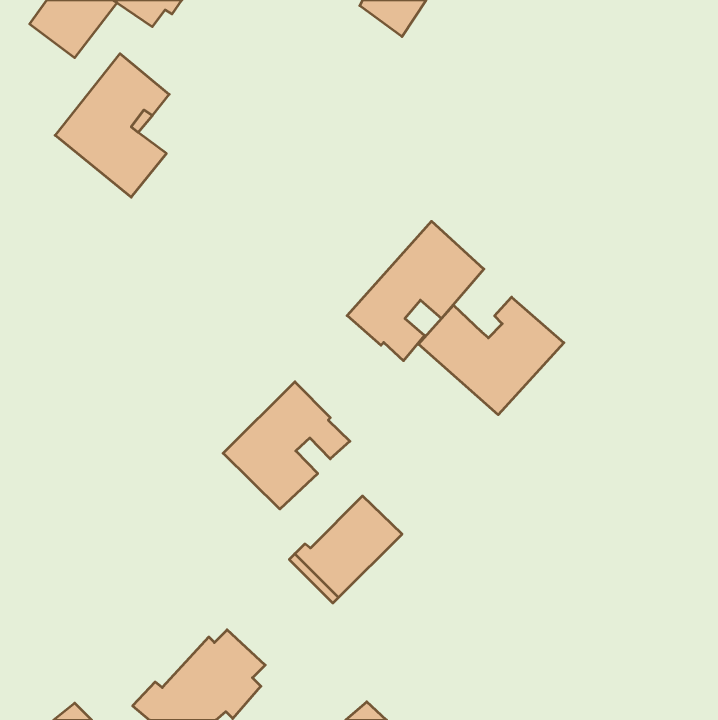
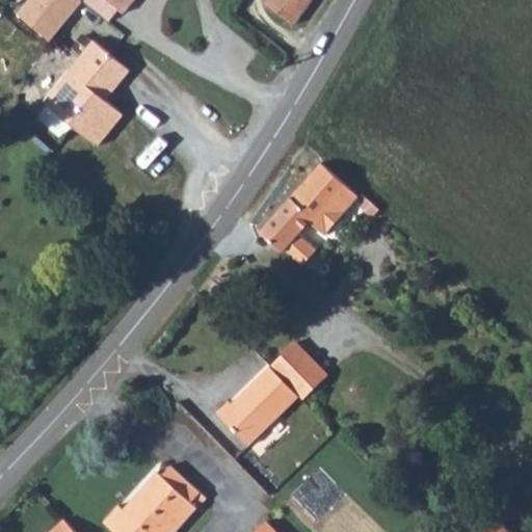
building: [419,297,564,415] -> none
building: [223,382,350,509] -> none
building: none -> [269,341,326,398]

